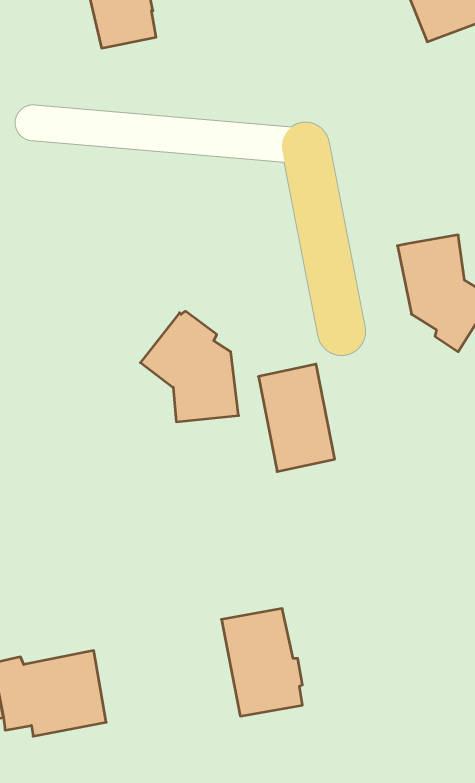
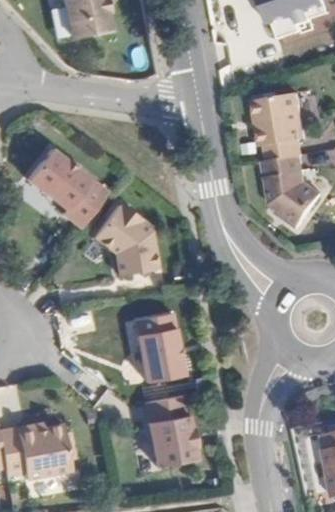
building: none -> [248,94,300,161]
building: none -> [27,147,108,228]
building: [258,364,335,472] -> [134,312,183,381]

